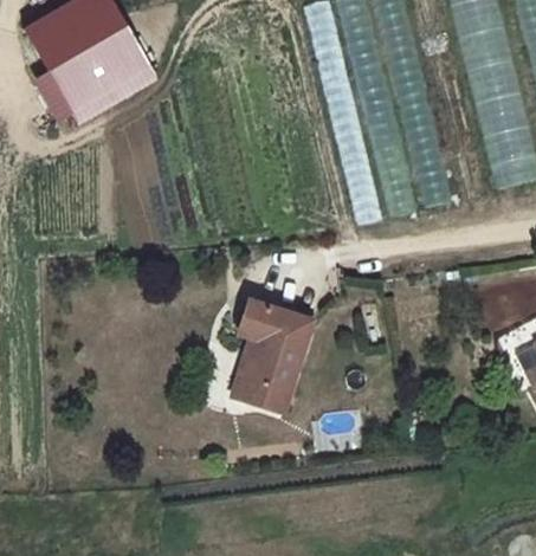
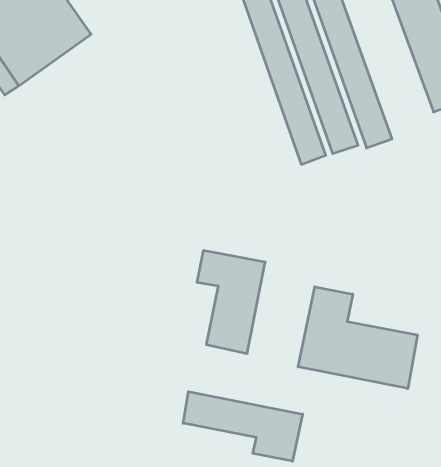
building: none -> [298,287,417,389]
building: none -> [183,392,303,461]

